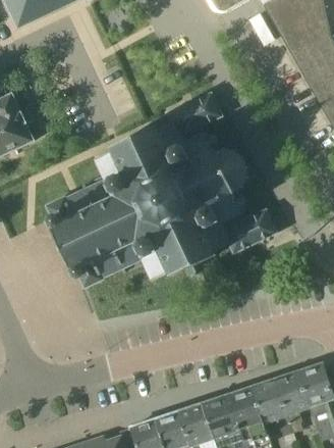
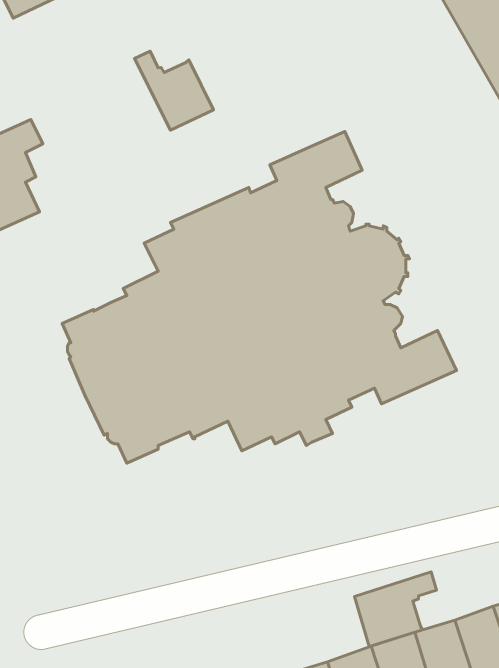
building: none -> [134,51,213,130]
building: none -> [354,572,436,646]

